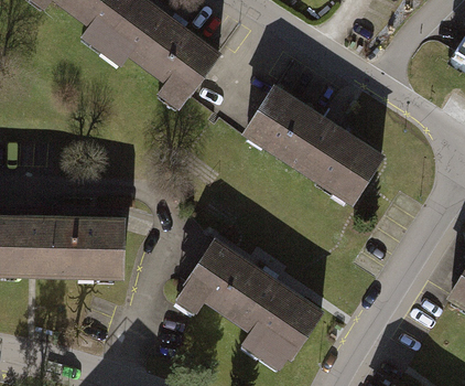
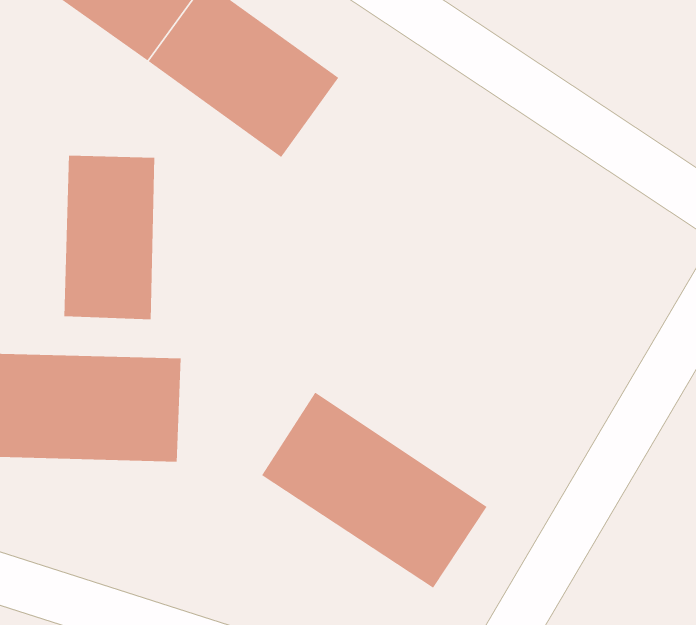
building: [242,85,388,207] -> none
building: none -> [64,155,155,320]

